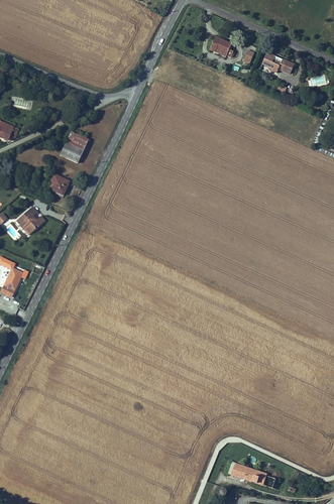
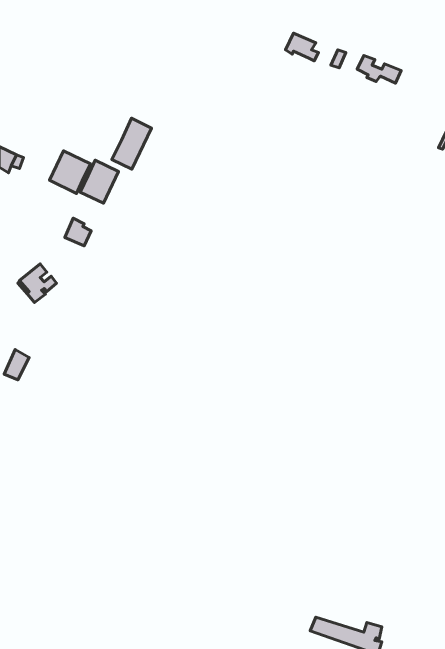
building: none -> [112,118,152,169]
building: none -> [49,151,91,193]

